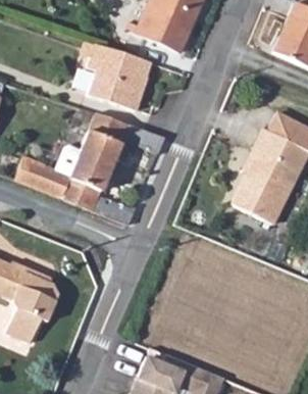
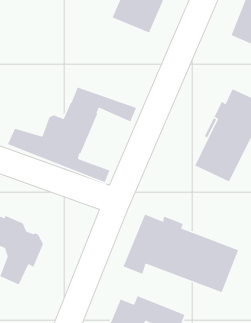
building: [88,42,151,109] -> none
building: none -> [122,213,239,293]

